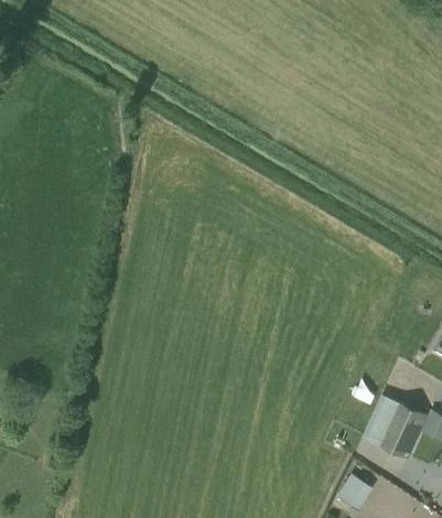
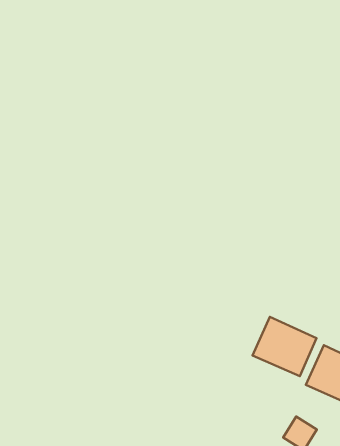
building: none -> [253,317,317,376]

